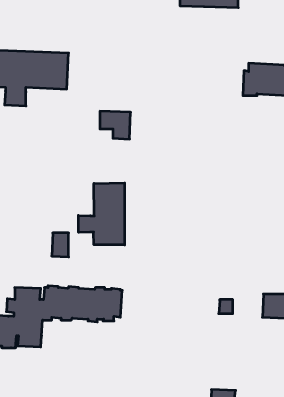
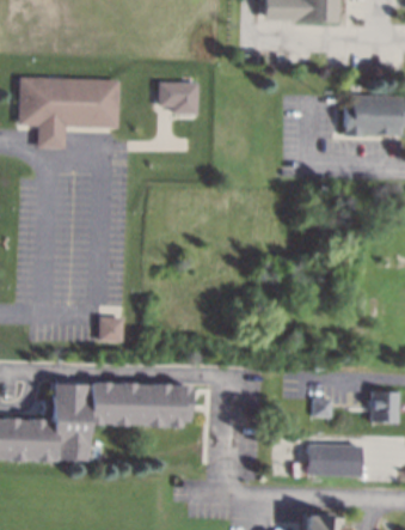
building: [100,111,131,139] -> [158,81,197,117]
building: [78,183,125,245] -> none
building: none -> [307,443,361,476]

